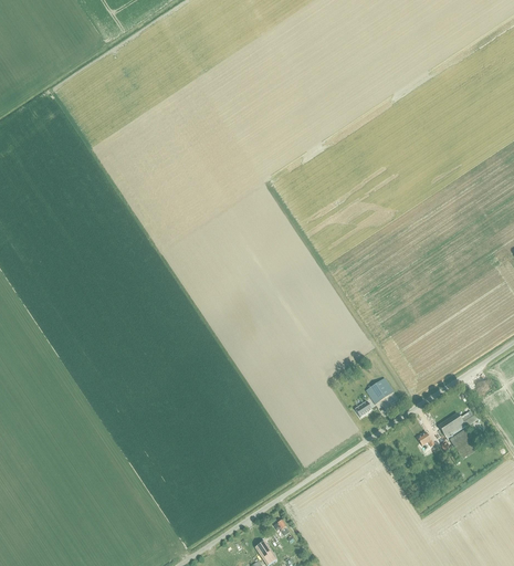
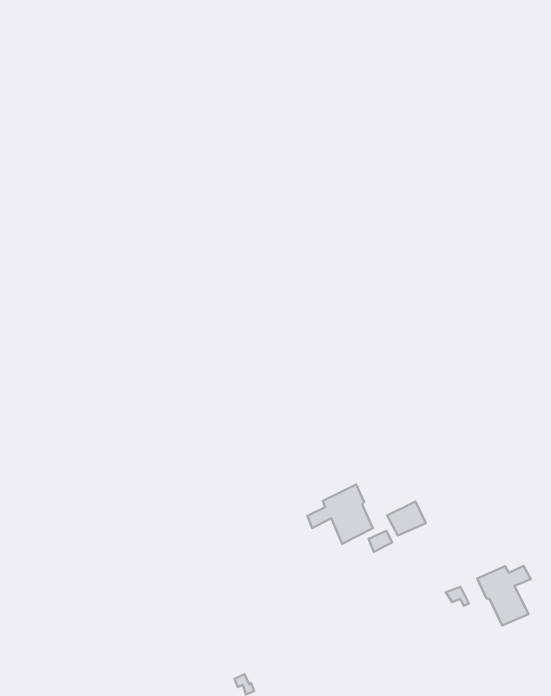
building: none -> [307,485,373,544]

